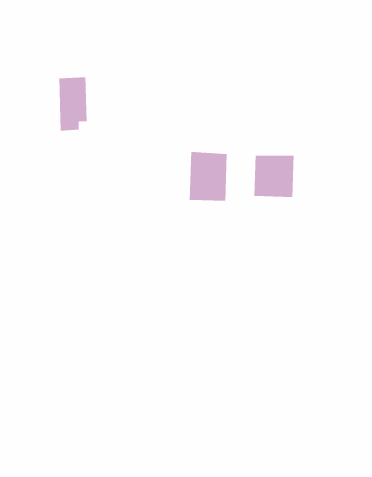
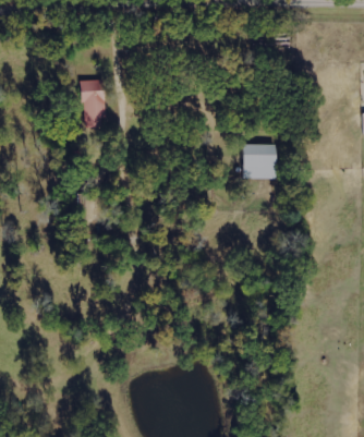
building: [189,151,227,202] -> none

